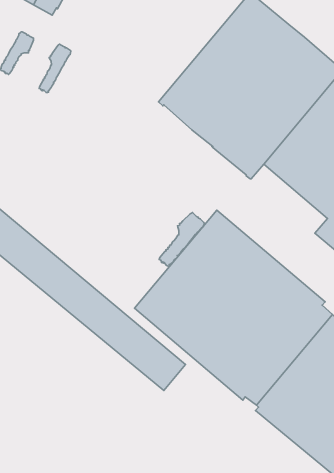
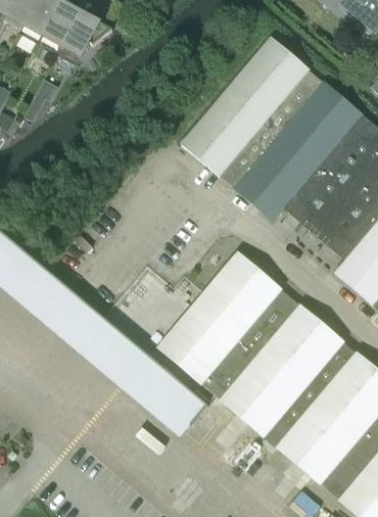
building: [39,44,71,93] -> none
building: [159,213,204,266] -> none

